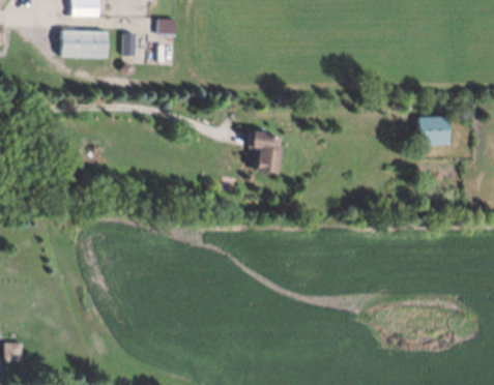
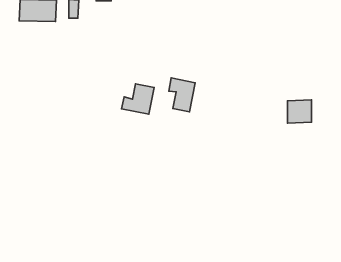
building: [419,116,449,145] -> [288,100,312,123]
building: none -> [122,84,154,114]

